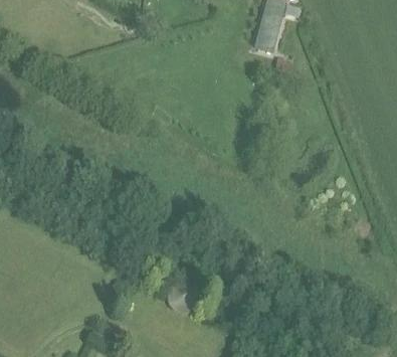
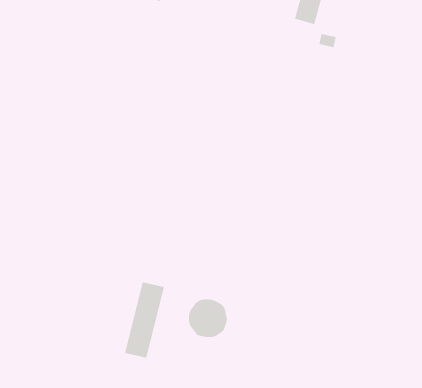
building: none -> [125,282,165,358]

